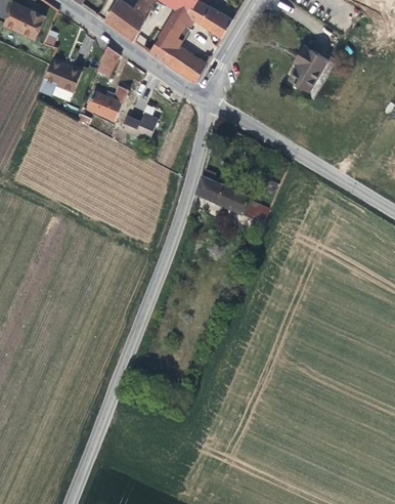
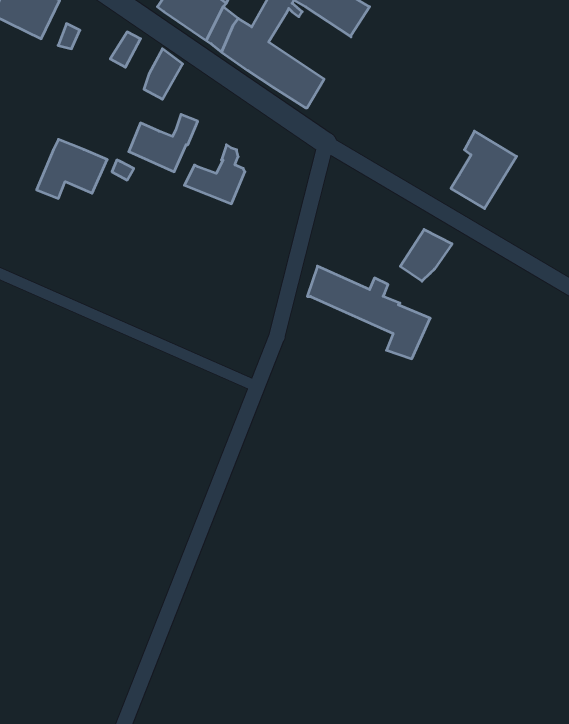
building: [289,44,328,91] -> [451,131,517,209]
building: [39,58,82,94] -> [37,139,107,198]
building: none -> [400,229,452,281]

